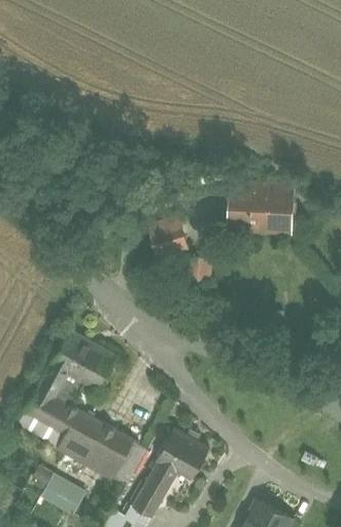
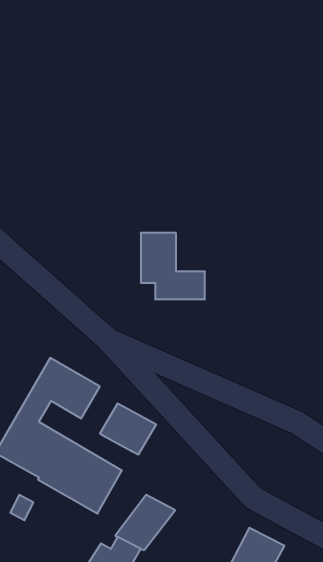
building: [227,180,295,236] -> none
building: [156,433,208,481] -> [100,404,156,454]
building: [42,475,88,516] -> none

